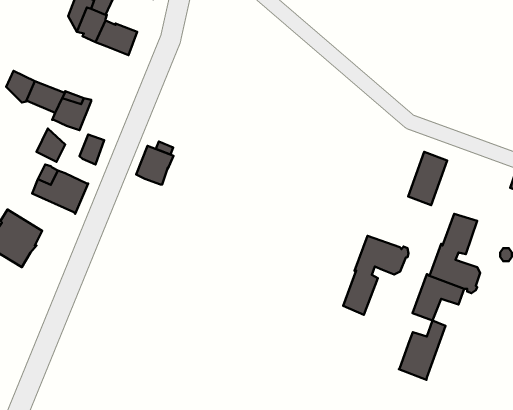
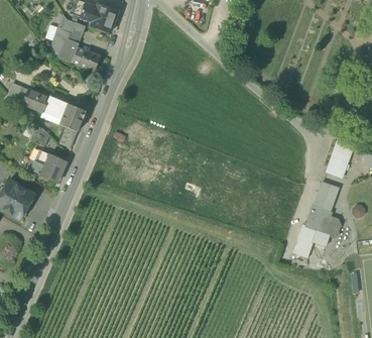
building: [136,146,174,185] -> [59,104,86,131]
building: [408,152,447,205] -> [326,140,353,178]
building: [343,236,409,315] -> none
building: [399,320,445,380] -> none

